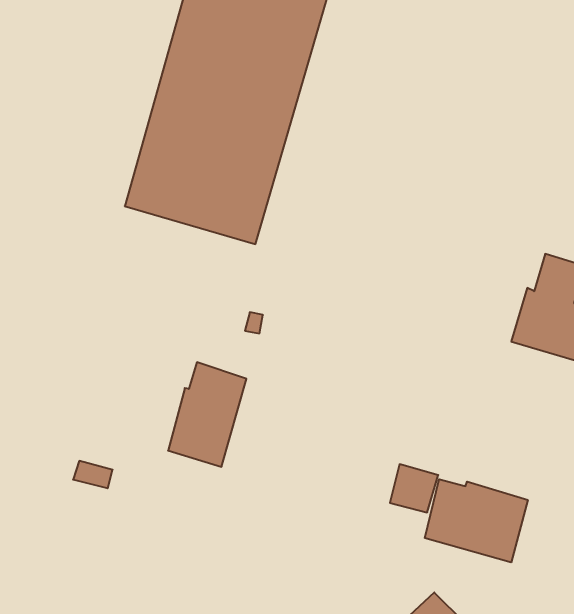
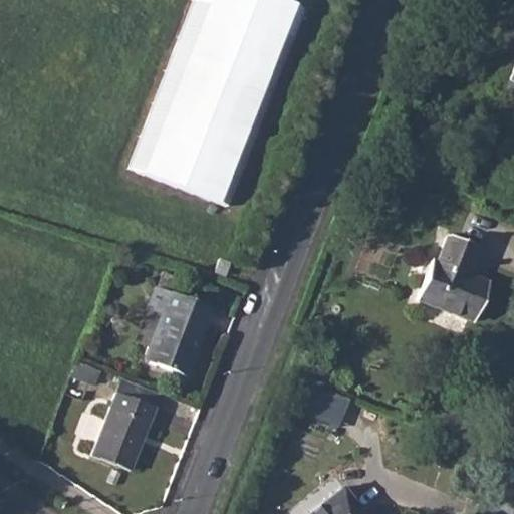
building: [425,479,528,562] -> none
building: none -> [91,392,156,470]

